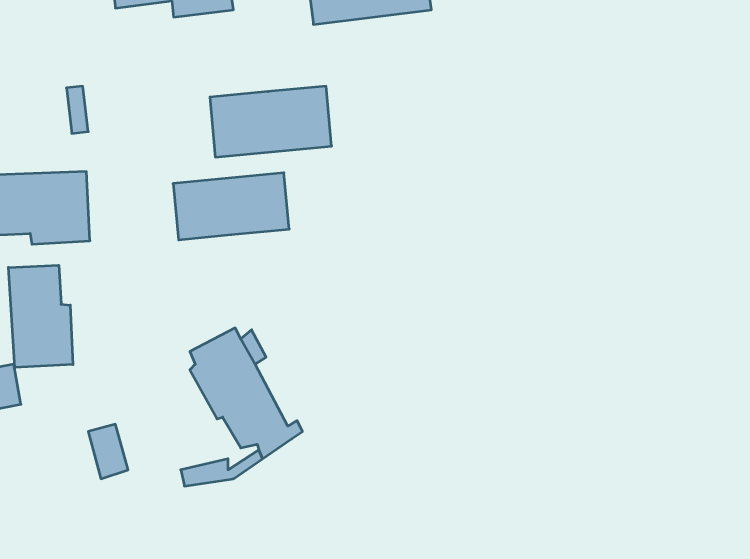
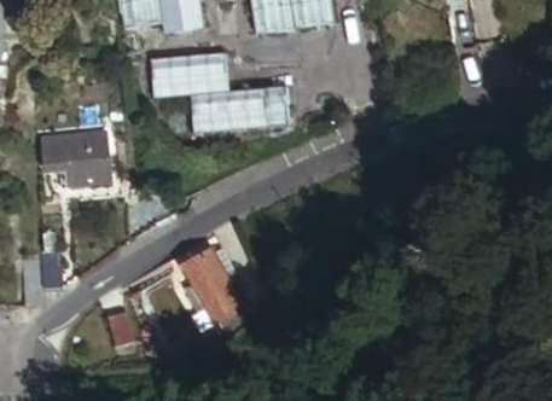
building: [173,173,289,240] -> [149,47,226,92]
building: [8,265,73,368] -> none

